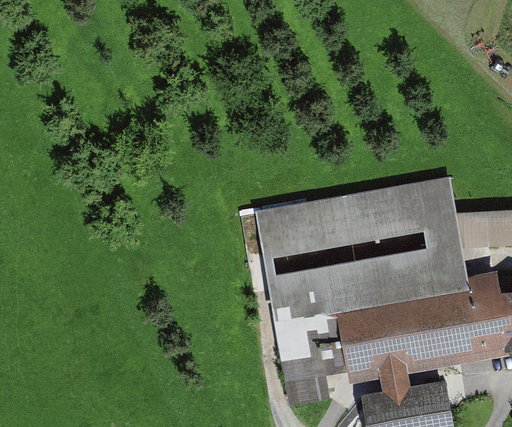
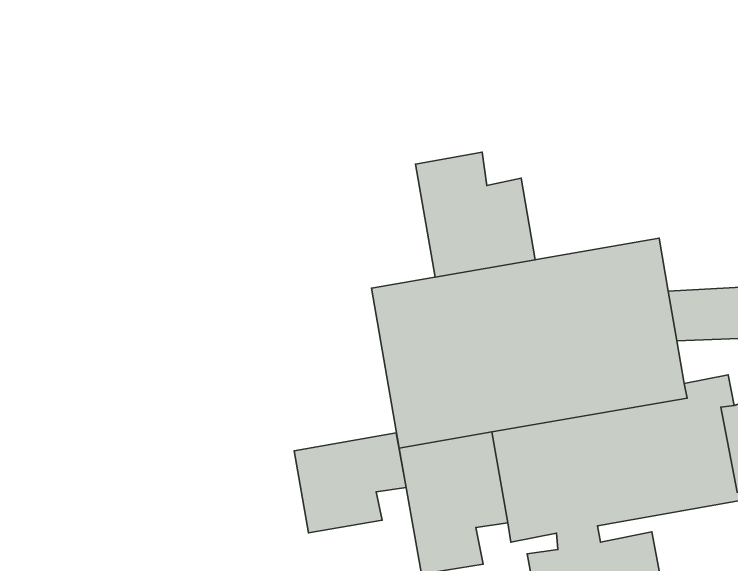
building: none -> [415,152,535,277]
building: none -> [294,433,406,533]

